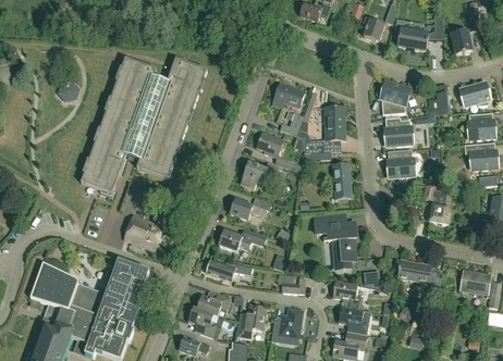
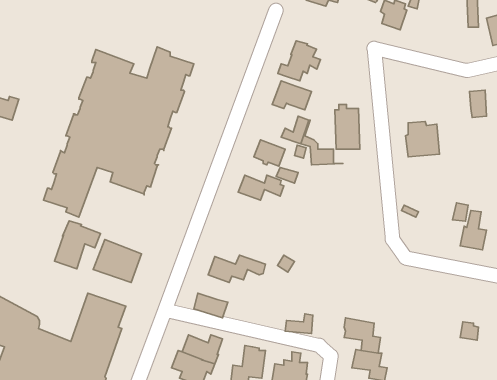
building: [398,27,429,50] -> none
building: none -> [278,41,320,81]
building: [379,80,409,113] -> none
building: [387,148,414,177] -> none
building: [332,162,352,198] -> none
building: [230,196,272,219] -> none
building: none -> [55,221,100,269]
building: [315,215,355,266] -> none
building: [397,260,430,282] -> none

